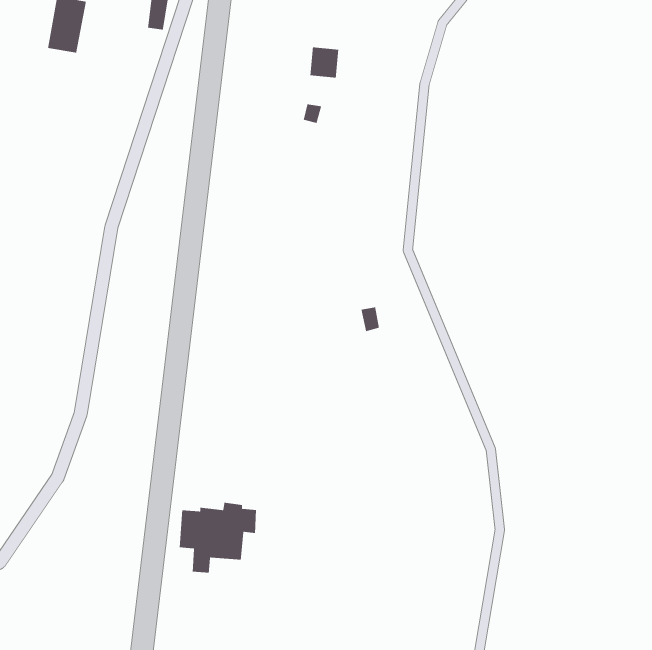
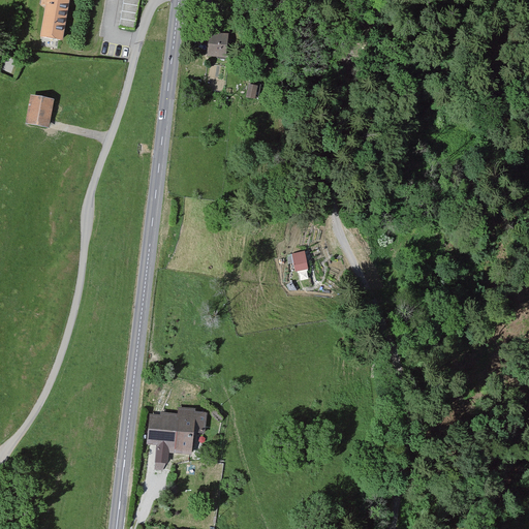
building: [310,47,339,78] -> [206,32,229,58]
building: none -> [26,94,54,125]

